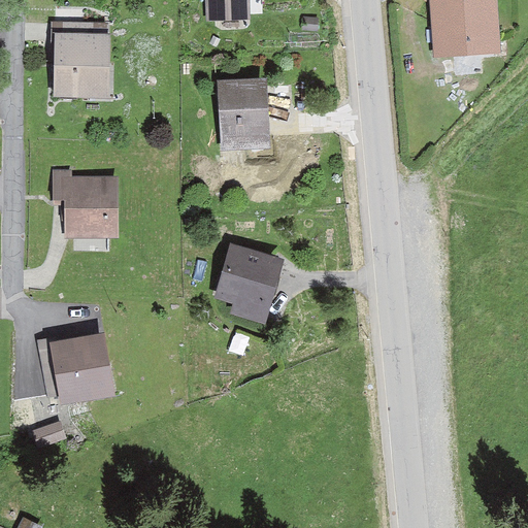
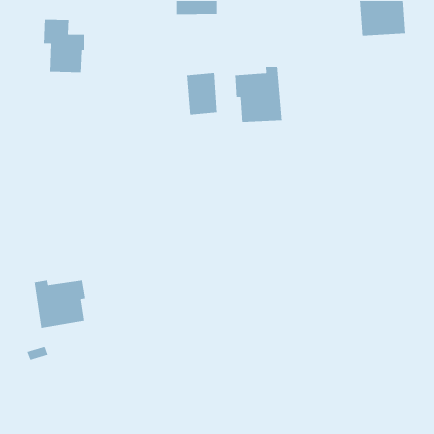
building: none -> [234,66,282,123]
building: [54,170,116,235] -> none
building: [219,246,284,319] -> none

